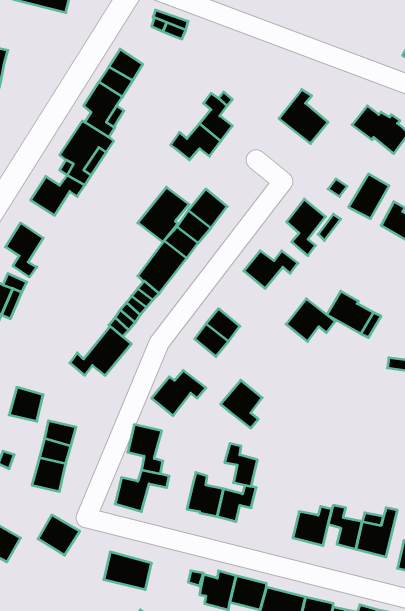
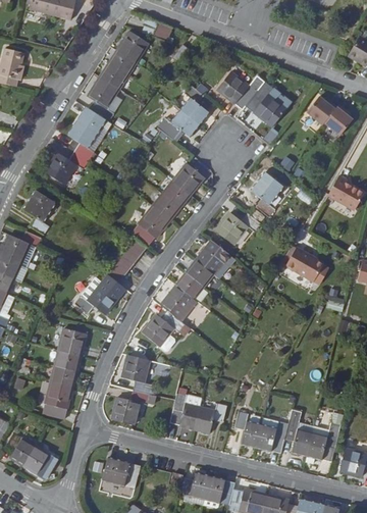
building: none -> [116,32,147,62]
building: none -> [211,68,263,110]
building: [349,174,389,219] -> none
building: [138,187,189,242] -> none
building: [286,299,335,342] -> [196,240,235,274]
building: [221,380,262,428] -> [160,285,194,323]
building: [9,387,43,421] -> [58,328,86,356]
building: [225,444,257,486] -> [234,411,261,446]
building: [38,515,80,555] -> [24,446,58,478]

